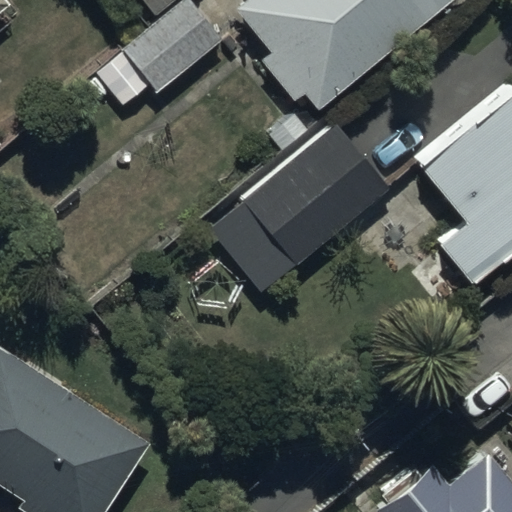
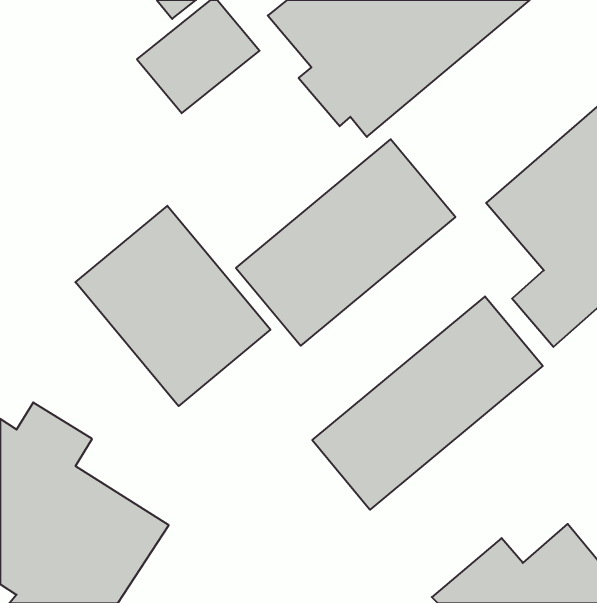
building: none -> [75,206,270,406]
building: none -> [312,296,543,510]

